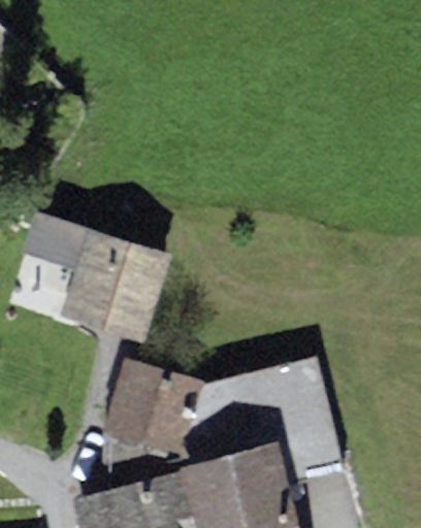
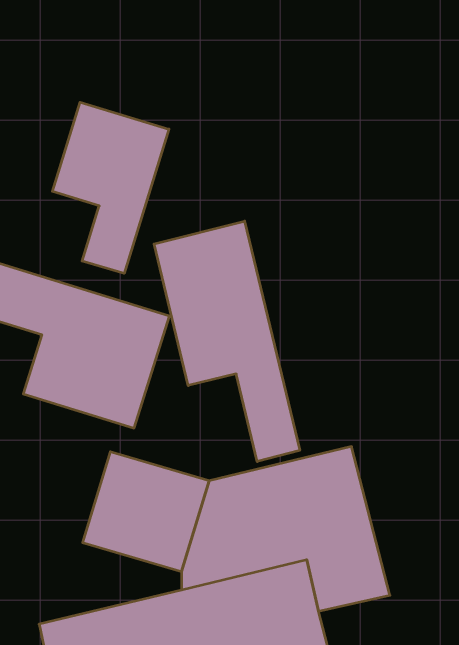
building: none -> [52,102,169,273]
building: none -> [154,221,300,462]

